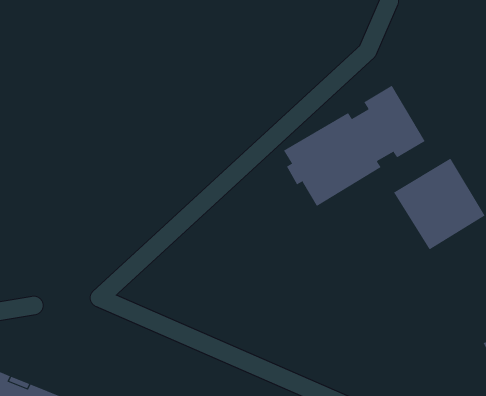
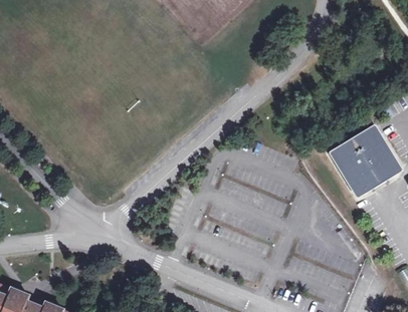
building: [283,85,425,207] -> none

